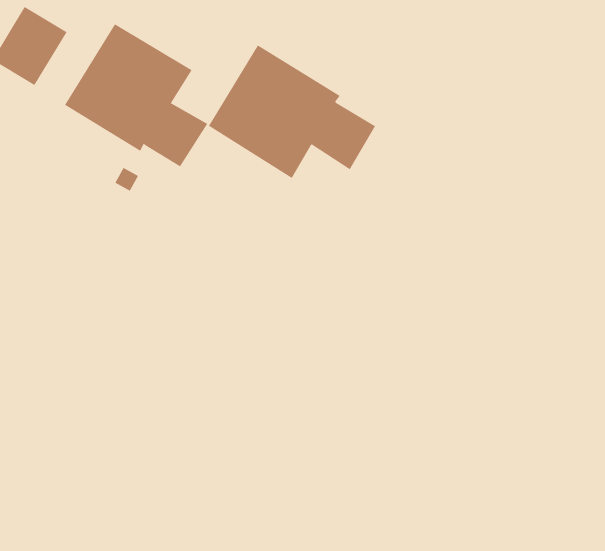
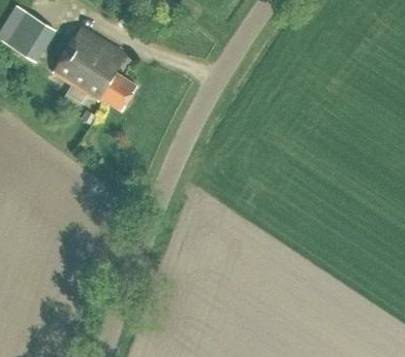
building: [208,45,376,179] -> none

